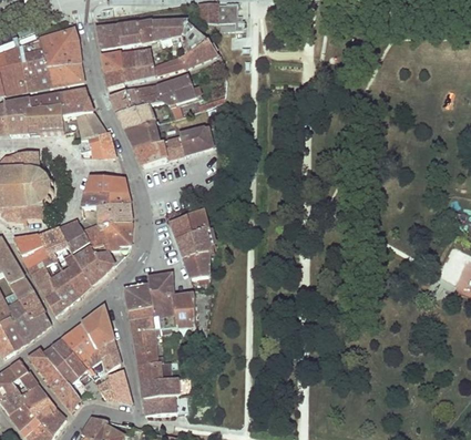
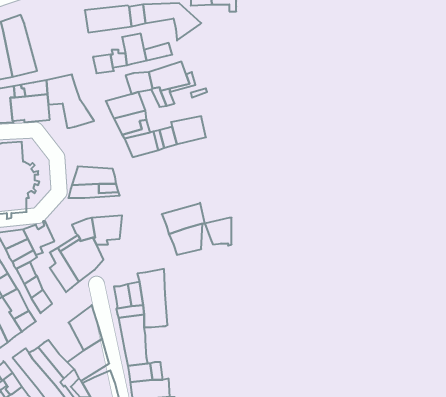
building: [39,29,83,84] -> none
building: [180,40,215,68] -> none
building: [102,52,135,71] -> none
building: [110,89,141,113] -> none
building: [79,131,113,156] -> none
building: [96,203,132,225] -> none
building: [59,219,88,249] -> none
building: [184,254,209,280] -> [205,218,232,246]
building: [50,270,79,306] -> none
building: [173,295,195,326] -> none
building: [62,325,95,361] -> none

